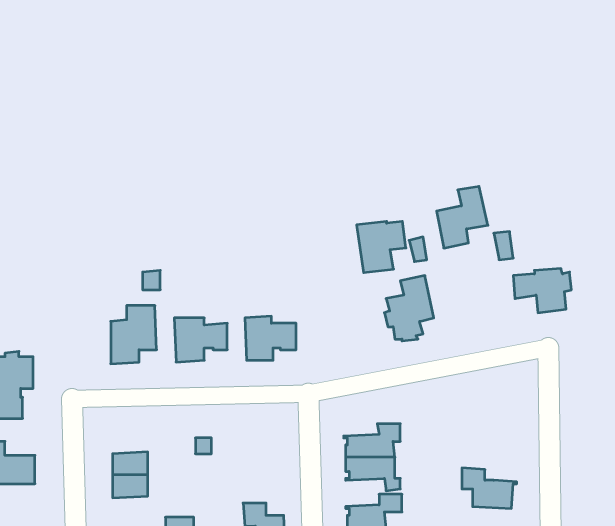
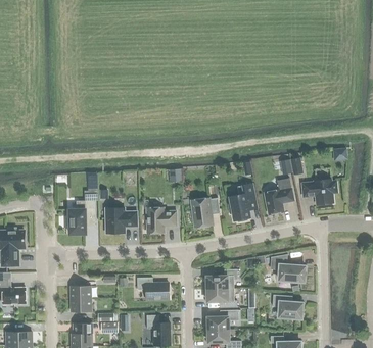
building: [437,186,488,248] -> [264,178,293,213]
building: [357,221,406,273] -> [190,197,219,227]
building: none -> [270,253,307,281]
building: none -> [136,277,169,298]

